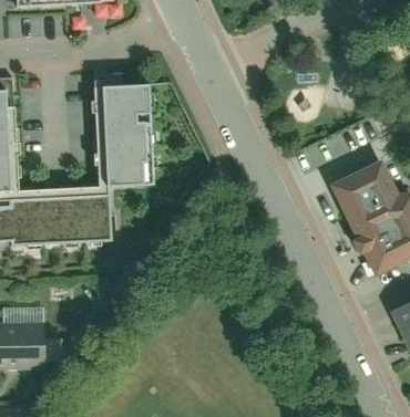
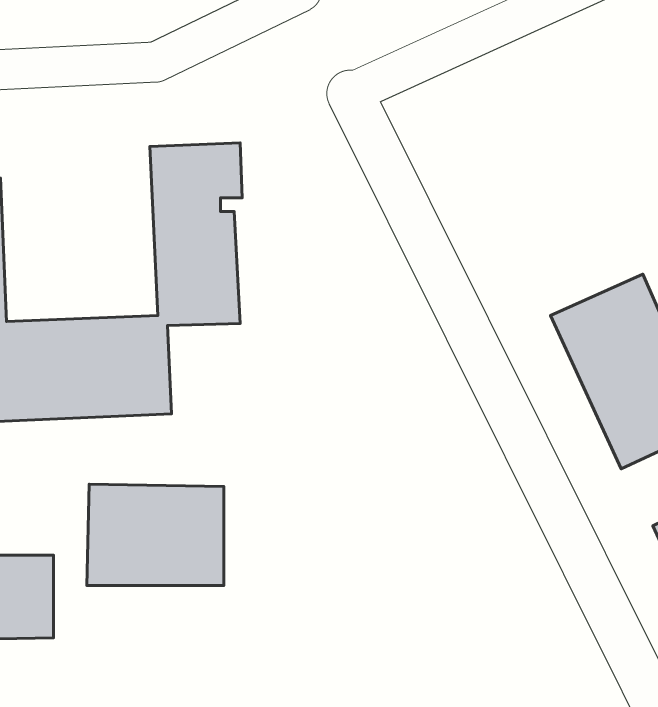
building: none -> [87,484,224,585]

